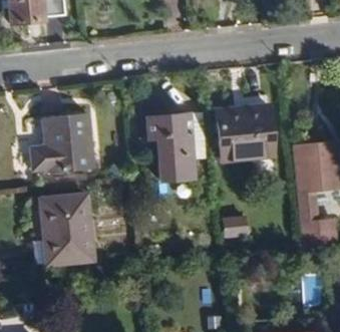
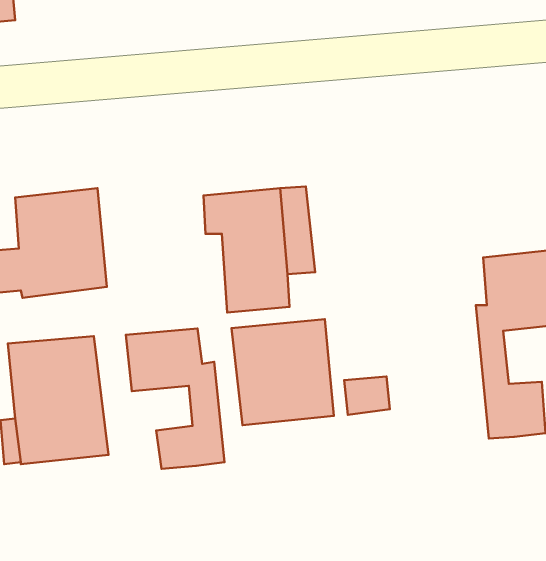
building: [217,104,273,162] -> [231,319,334,425]
building: none -> [126,328,225,469]

